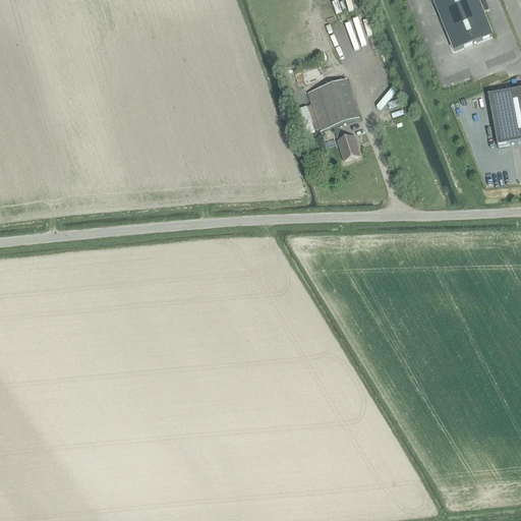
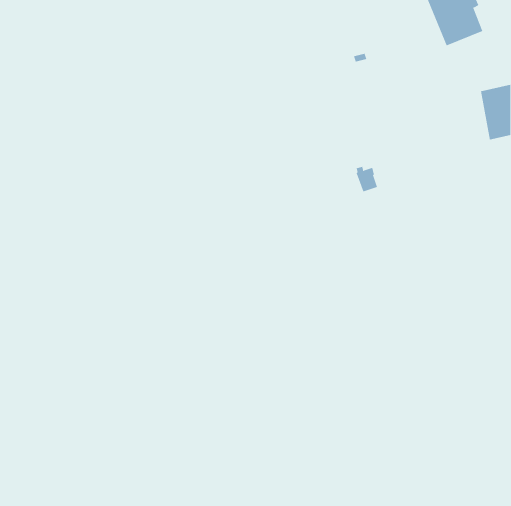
building: [307,76,359,128] -> none
building: [337,131,359,158] -> [356,166,378,192]

